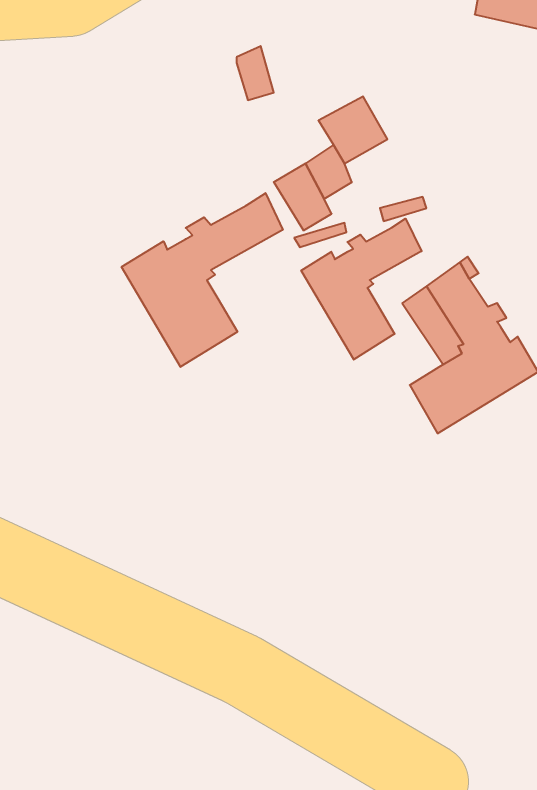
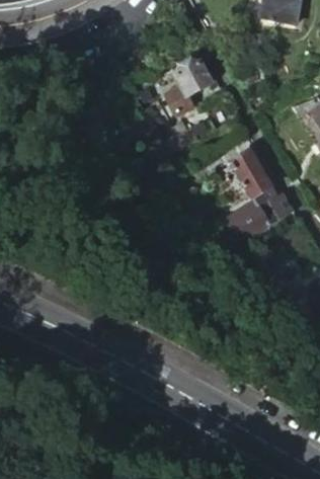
building: [122,193,283,367] -> none
building: [301,219,422,360] -> none

